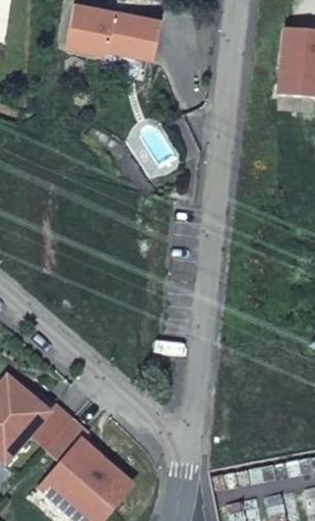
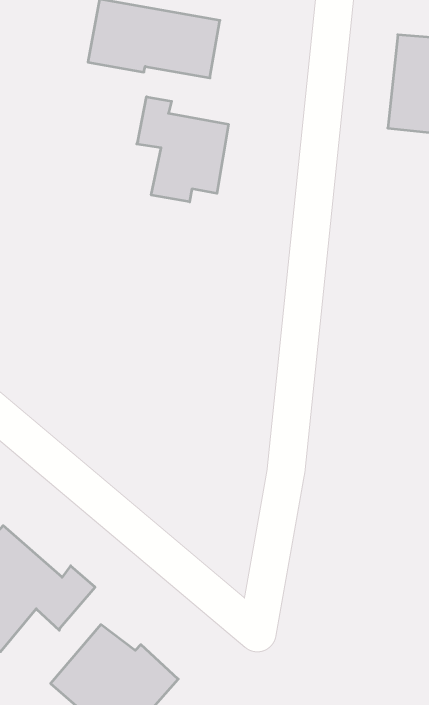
building: none -> [137,97,228,202]

